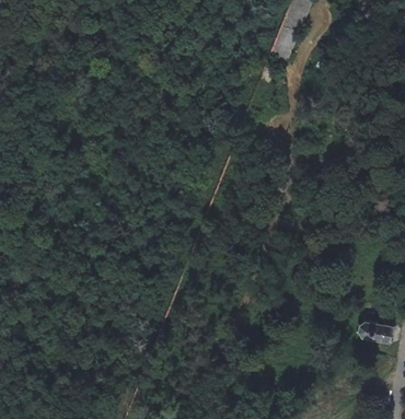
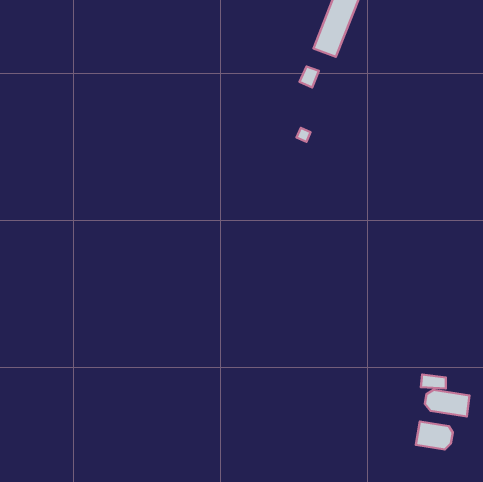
building: none -> [416,422,453,449]

